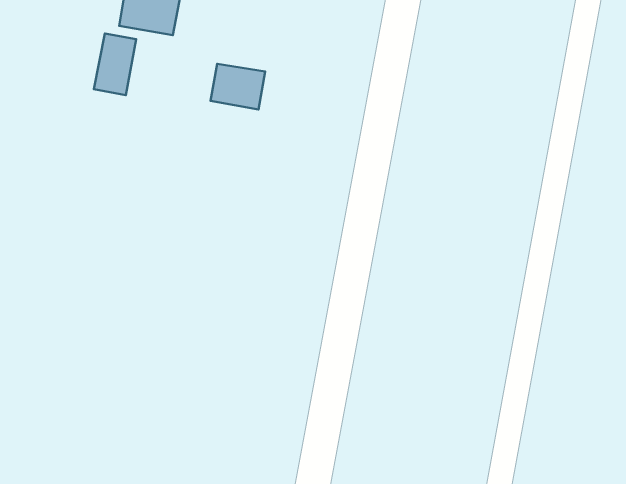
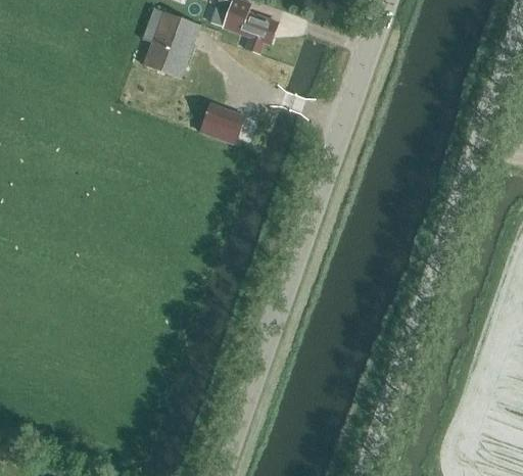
building: [94,34,136,95] -> none

